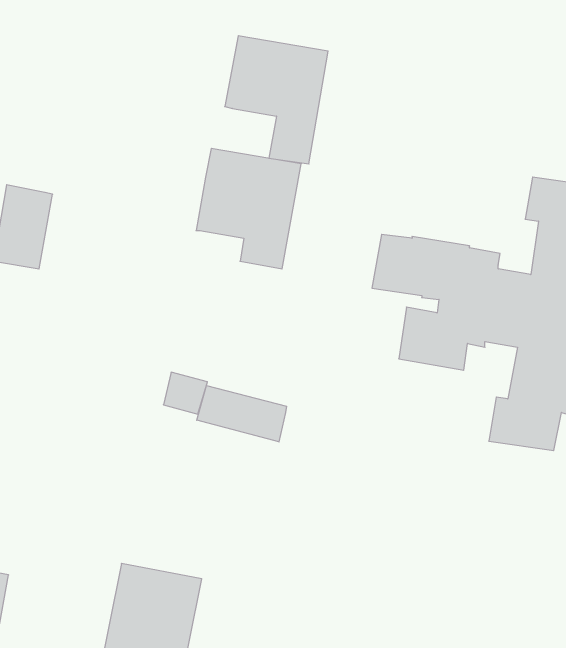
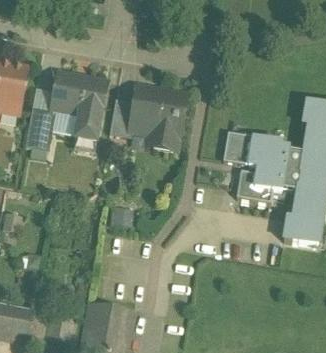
building: [225,36,328,164] -> [51,71,105,138]
building: none -> [110,97,135,132]
building: [197,385,287,442] -> none

